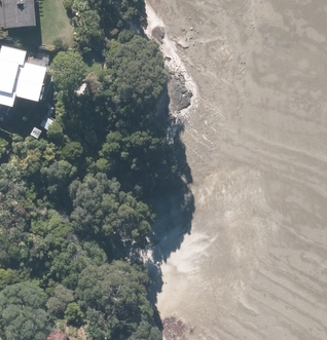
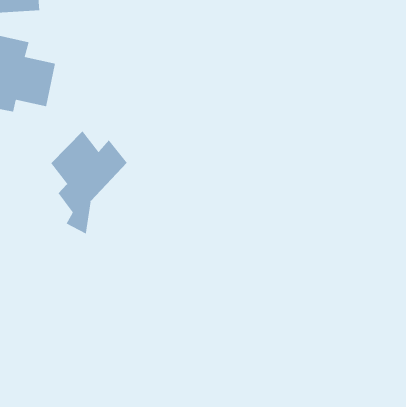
building: none -> [51,130,128,235]

